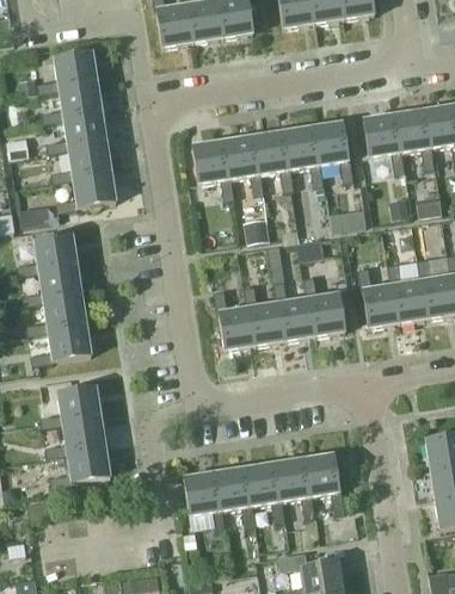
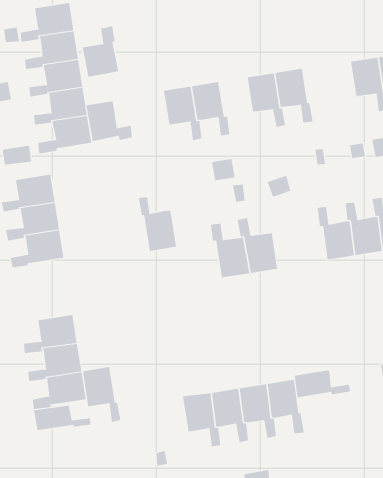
building: none -> [82,25,119,78]
building: [362,113,405,171] -> none
building: [252,130,294,188] -> none
building: none -> [86,100,133,142]
building: [302,277,345,335] -> none
building: [213,291,254,349] -> [138,197,177,251]
building: [32,323,91,365] -> none
building: none -> [294,369,351,398]
building: [183,471,225,531] -> [82,367,121,422]
building: none -> [34,405,91,431]

